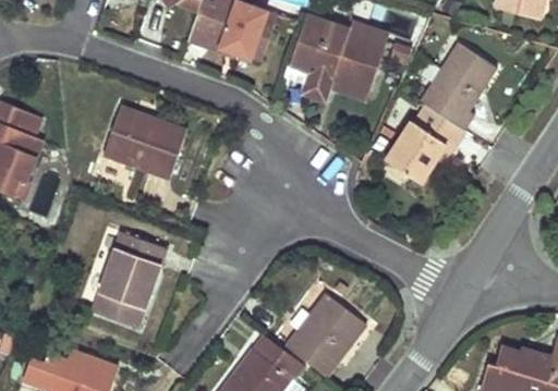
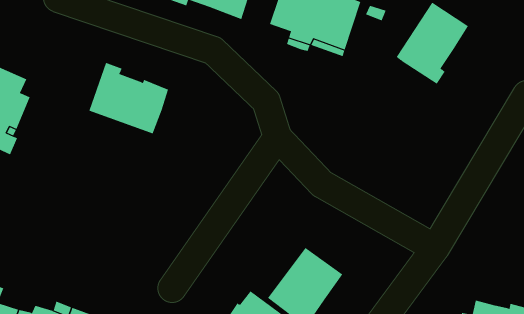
building: [388,102,465,181] -> none
building: [94,231,166,325] -> none

